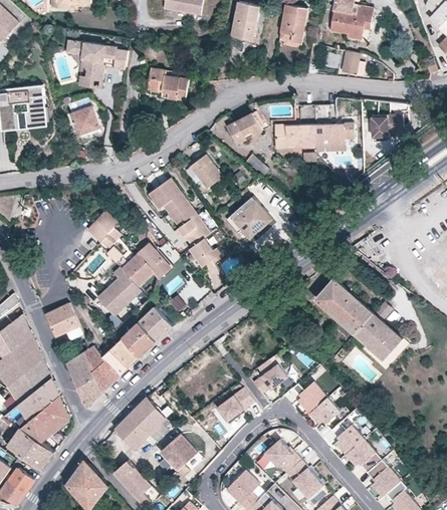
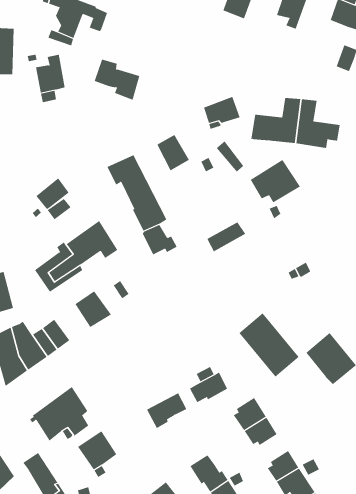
building: [147,68,188,101] -> [94,59,140,100]
building: [225,197,272,238] -> [250,159,301,203]
building: [314,277,373,334] -> [239,312,299,378]
building: [122,322,155,355] -> none

